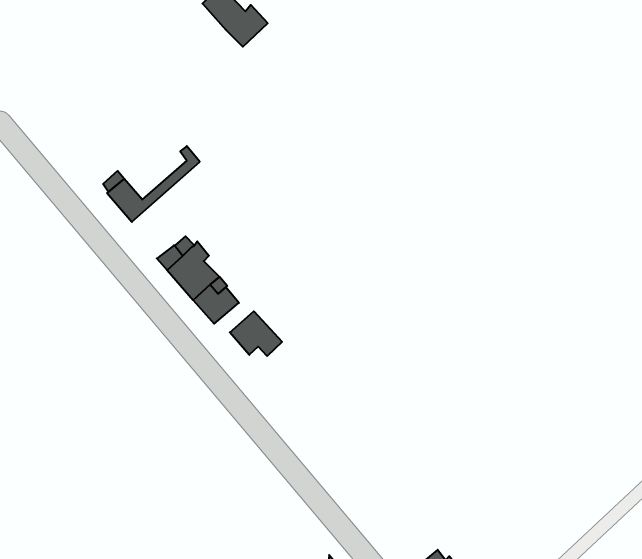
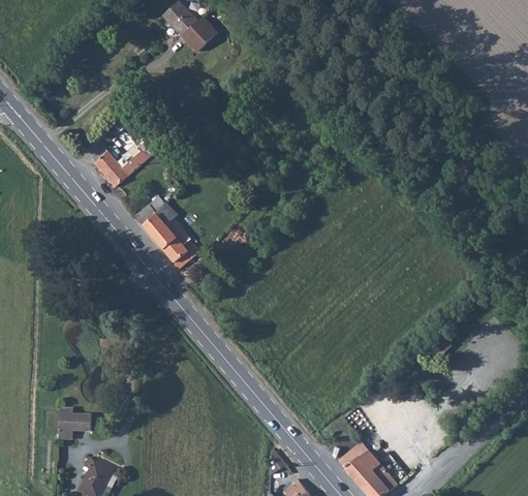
building: [230,311,282,356] -> none
building: none -> [58,416,88,434]

